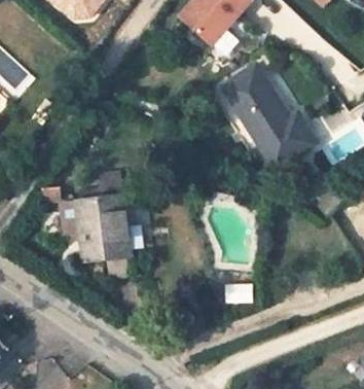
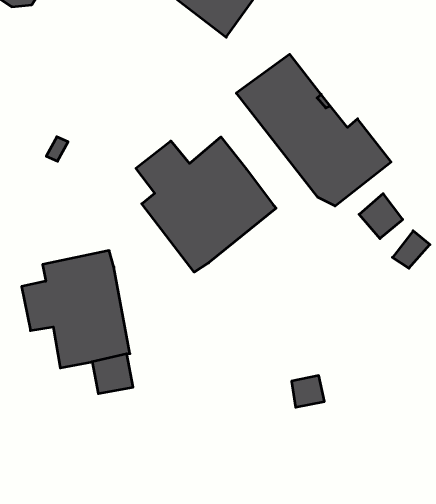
building: none -> [136,137,276,272]

